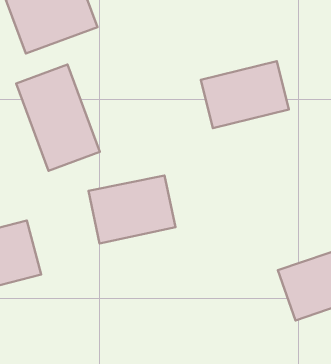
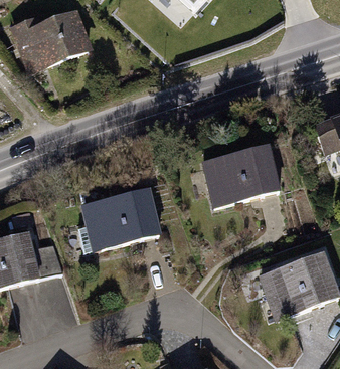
building: [201,61,289,128] -> [201,144,282,205]
building: [16,65,100,171] -> none

